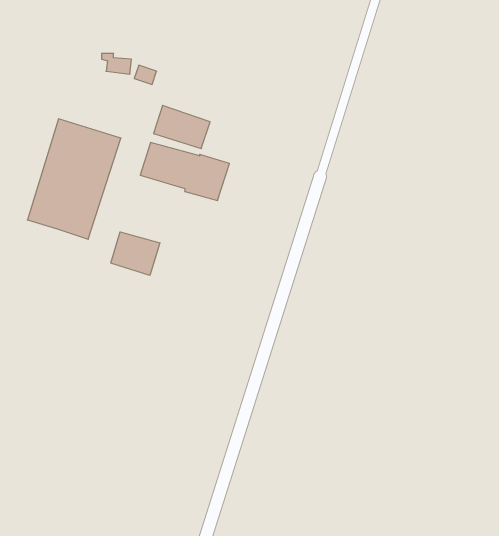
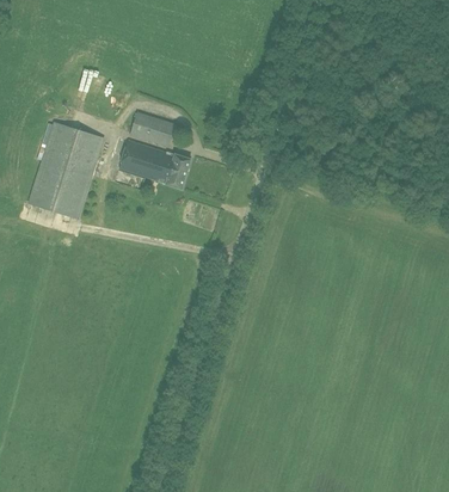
building: [111,232,160,275] -> none

